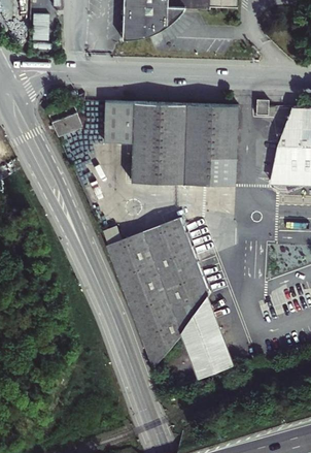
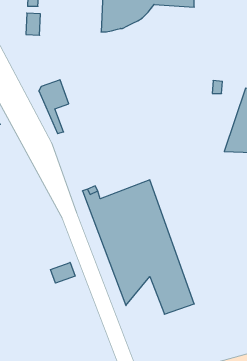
building: [106,99,239,183] -> none
building: none -> [50,262,75,283]

